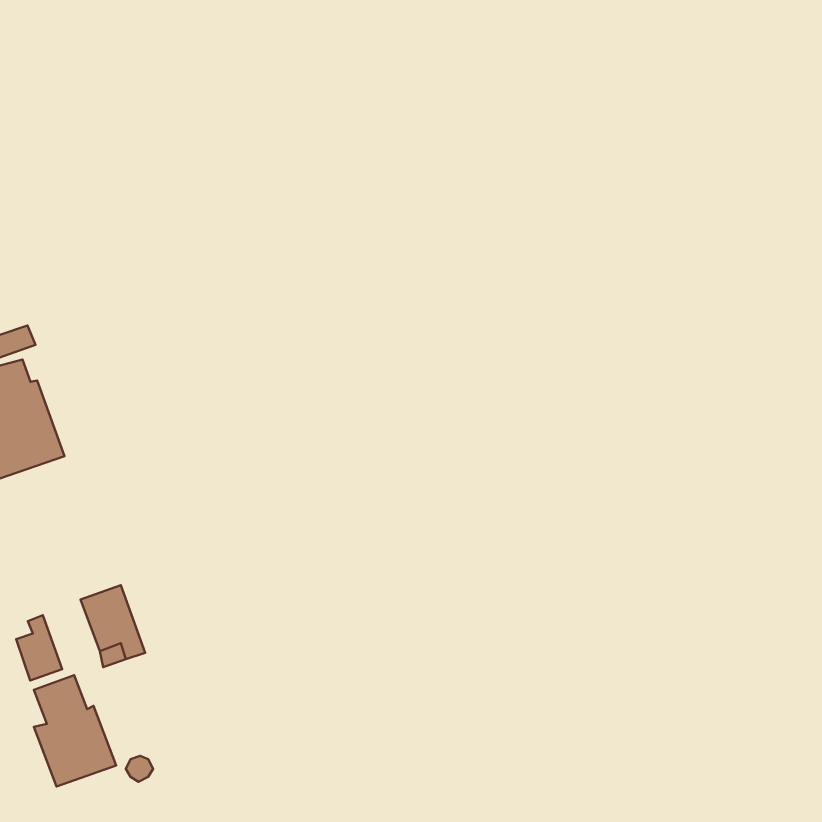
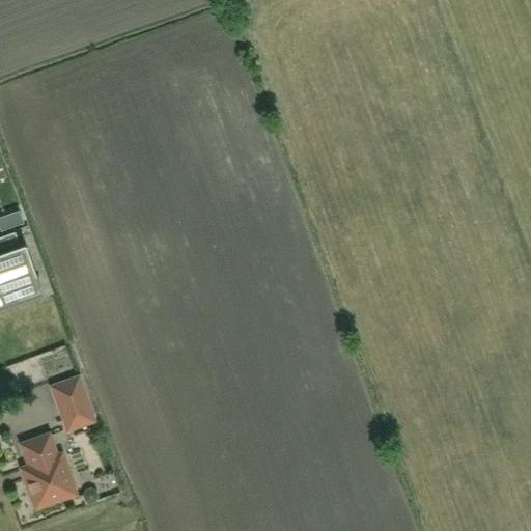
building: [16,615,62,681] -> none

